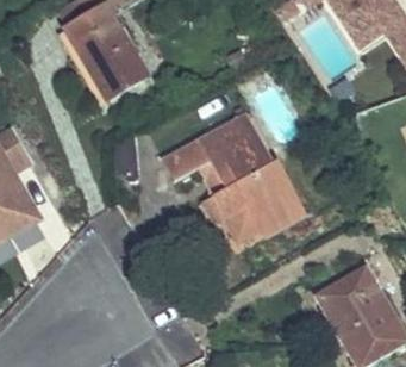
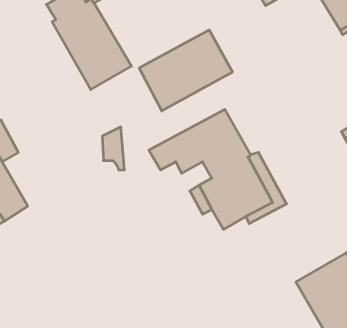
building: none -> [139,30,232,111]

